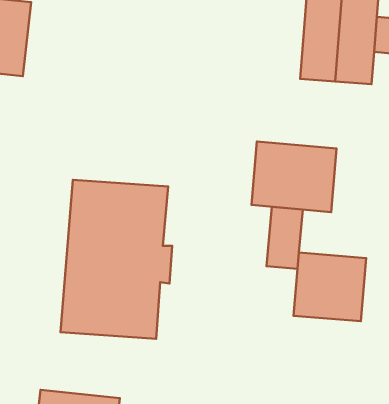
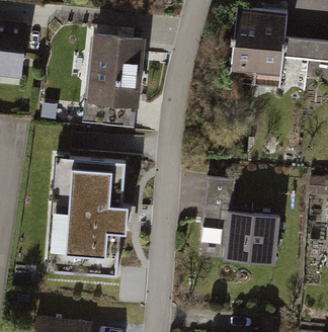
building: none -> [85,34,143,108]
building: [251,141,337,212] -> none

